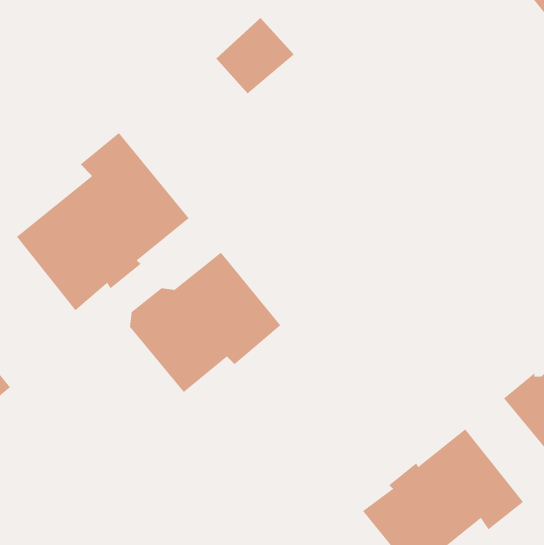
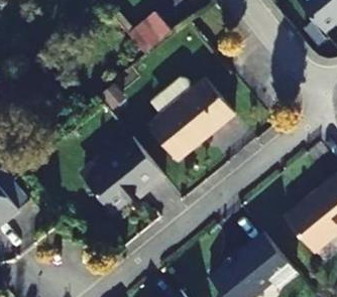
building: [16,132,190,311] -> none
building: none -> [147,78,235,161]

